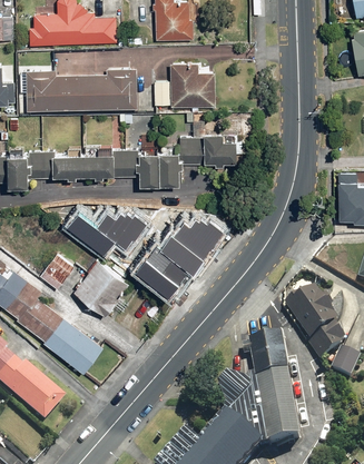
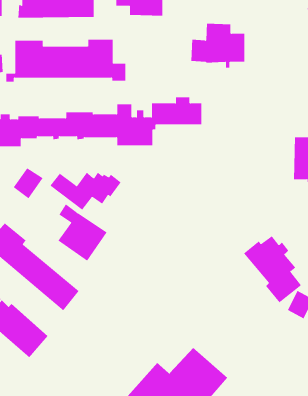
building: [155,60,216,110] -> [190,23,245,68]
building: [132,218,225,303] -> none
building: [41,251,76,287] -> [13,167,44,199]
building: [224,336,301,443] -> none

